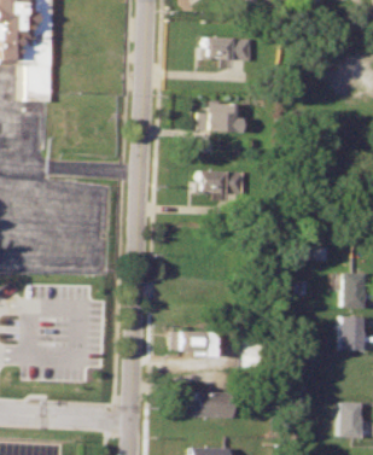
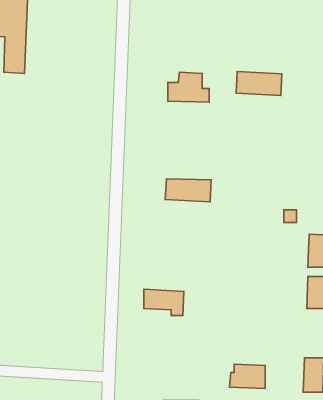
building: [203,36,251,62] -> [236,71,282,95]
building: [197,170,245,194] -> [165,179,211,202]
building: [193,391,231,416] -> [230,364,265,388]

